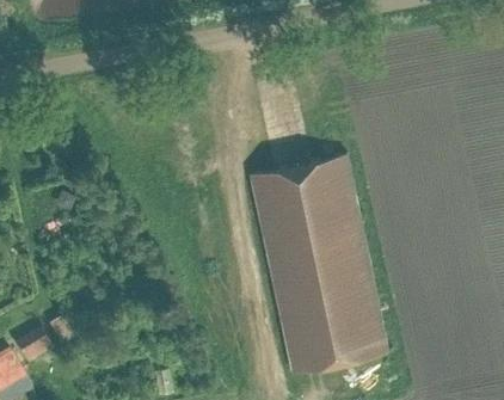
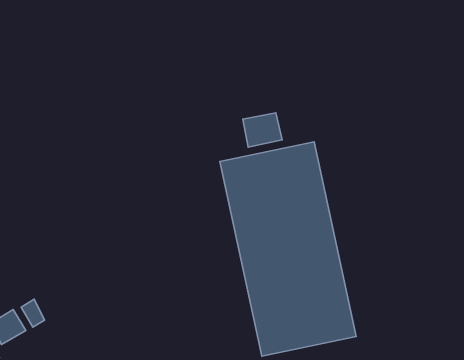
building: none -> [243,113,282,147]

